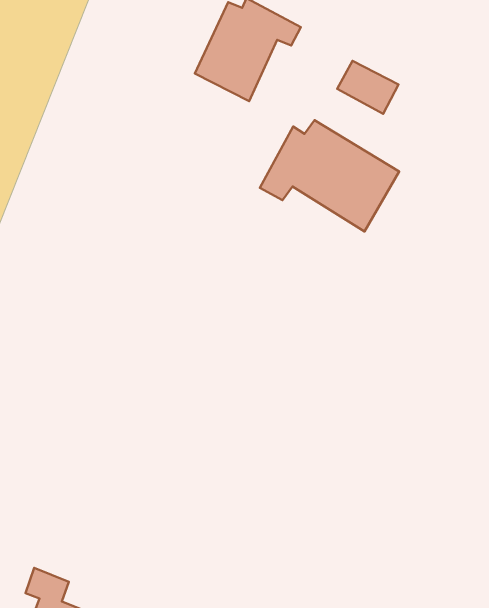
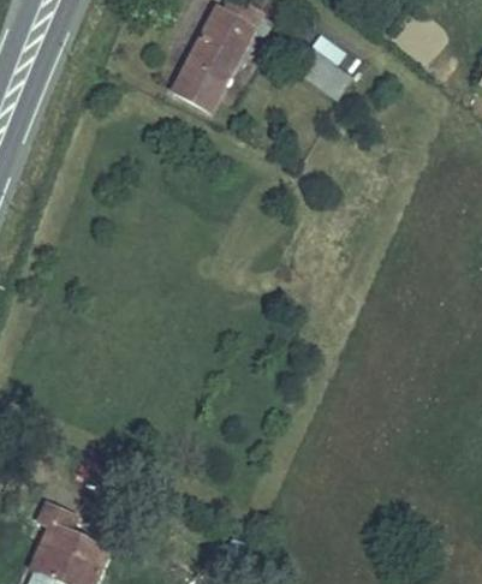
building: [260,120,399,232] -> none

